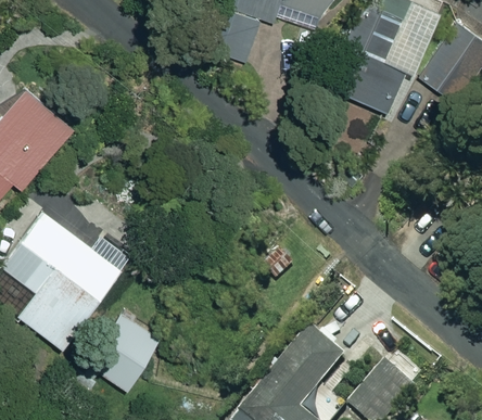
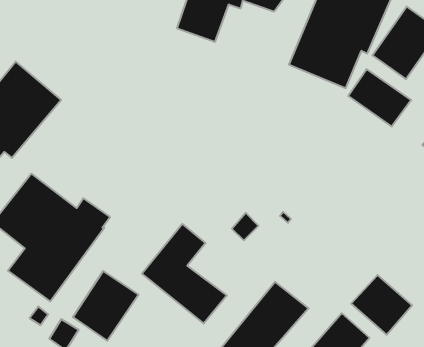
building: none -> [348,69,411,127]
building: none -> [142,224,227,324]
building: none -> [351,275,412,335]

